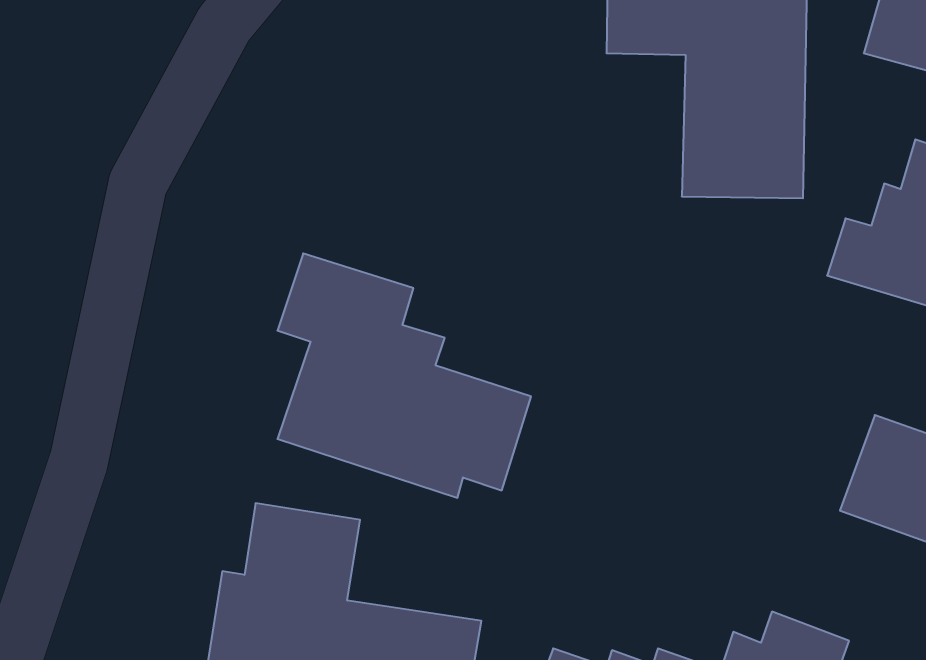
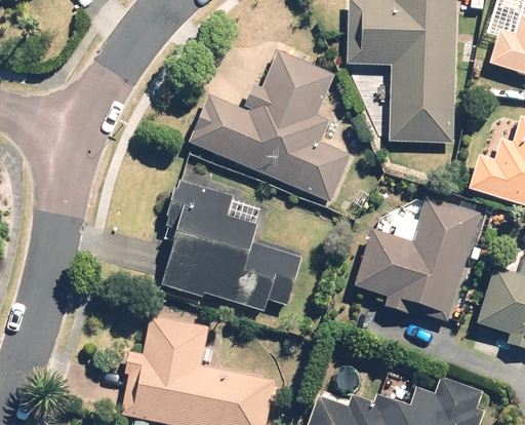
building: none -> [188,49,354,202]
building: none -> [351,198,480,319]

